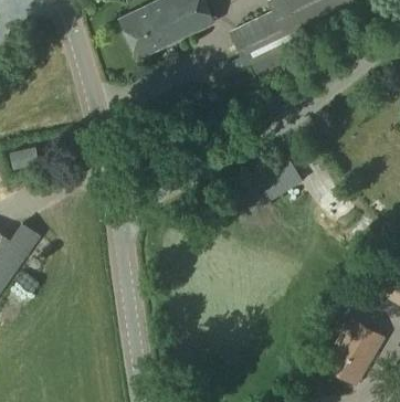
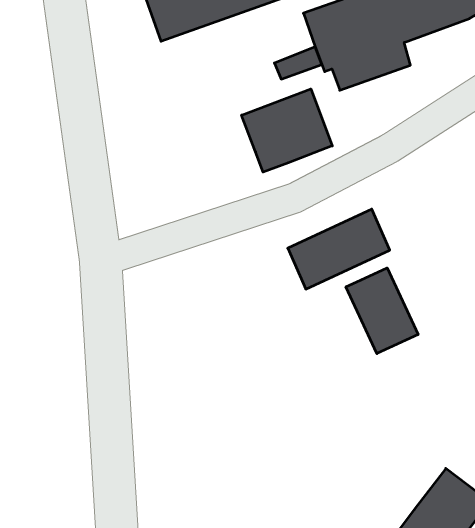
building: none -> [242,89,332,172]
building: none -> [346,268,418,354]

